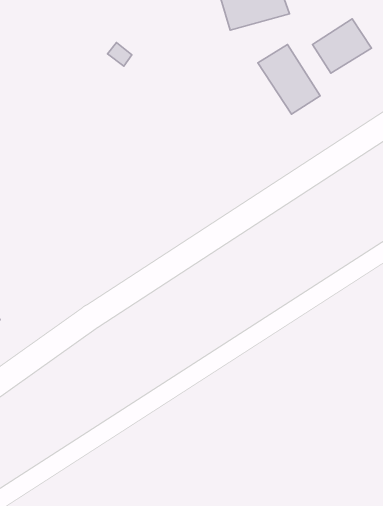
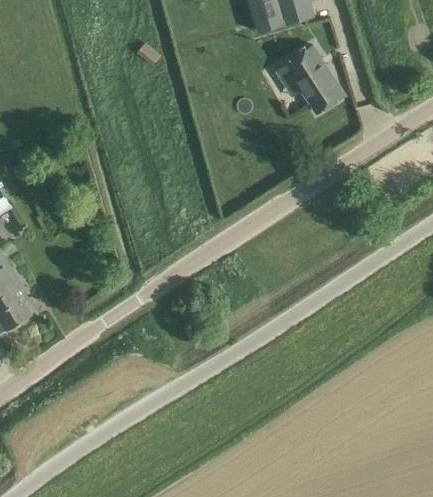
building: [312,19,371,73] -> none

